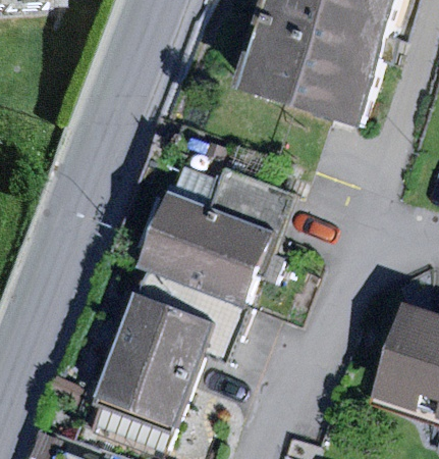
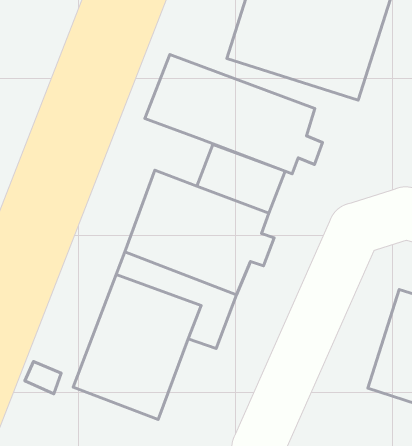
building: none -> [145,55,323,174]

